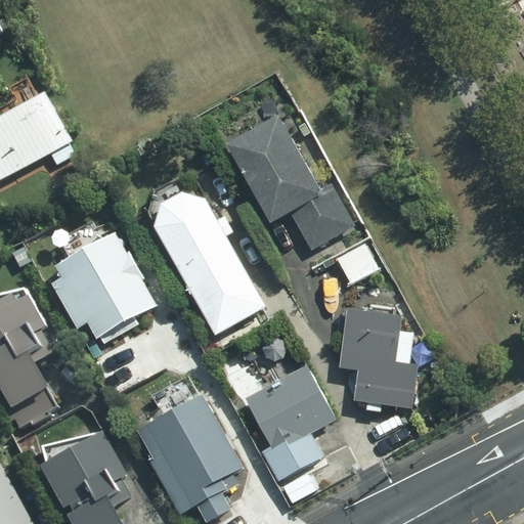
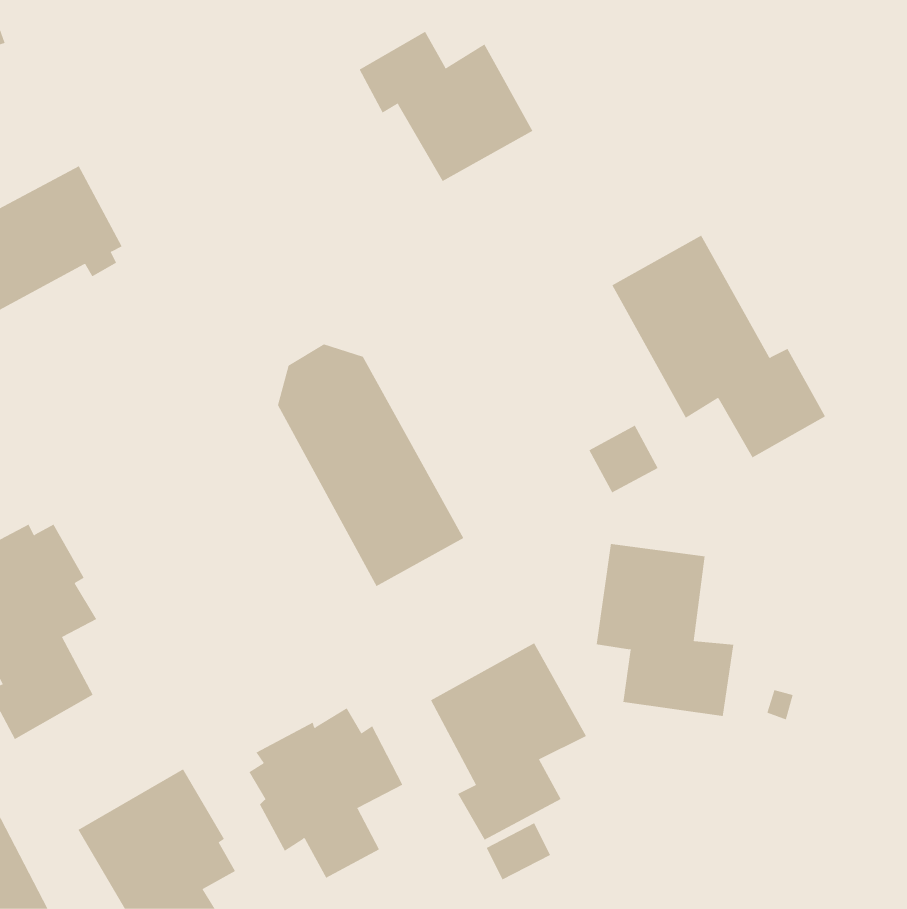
building: none -> [359,31,533,182]
building: [230,120,352,247] -> [612,235,826,458]
building: [48,229,154,336] -> none

